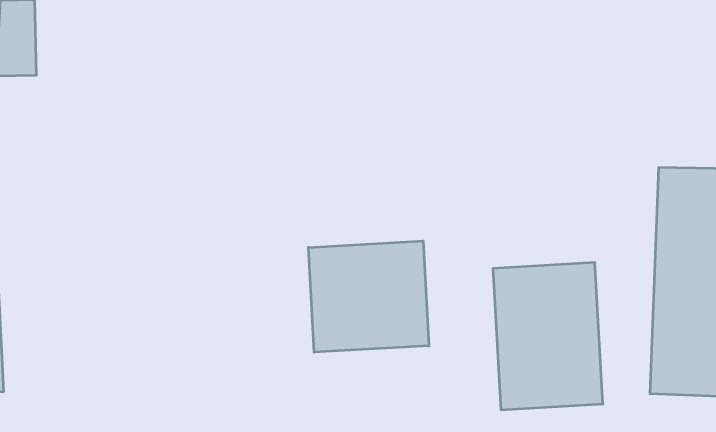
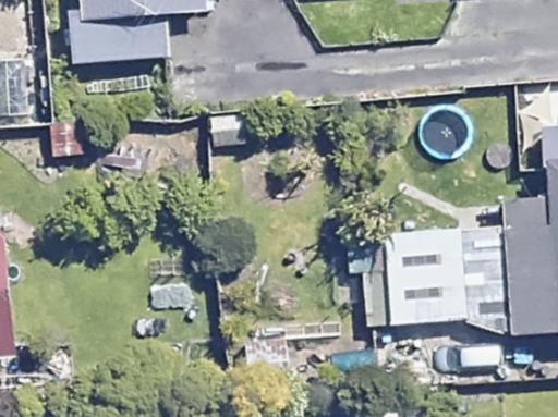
building: [308,241,429,352] -> none

